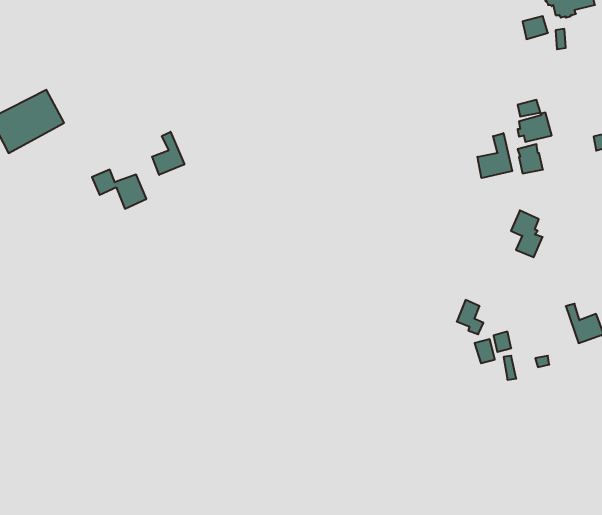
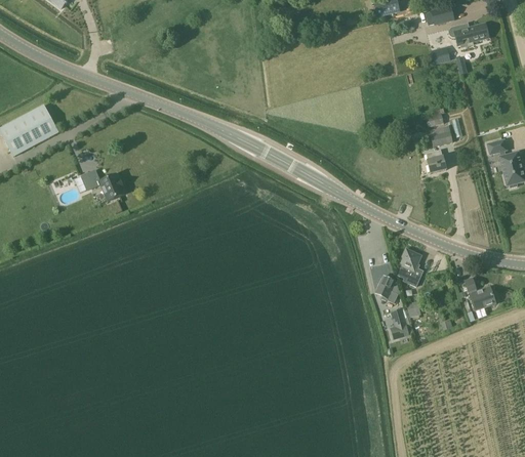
building: [152,132,184,175] -> none
building: [477,133,512,178] -> none
building: [511,210,543,257] -> [399,247,425,285]

